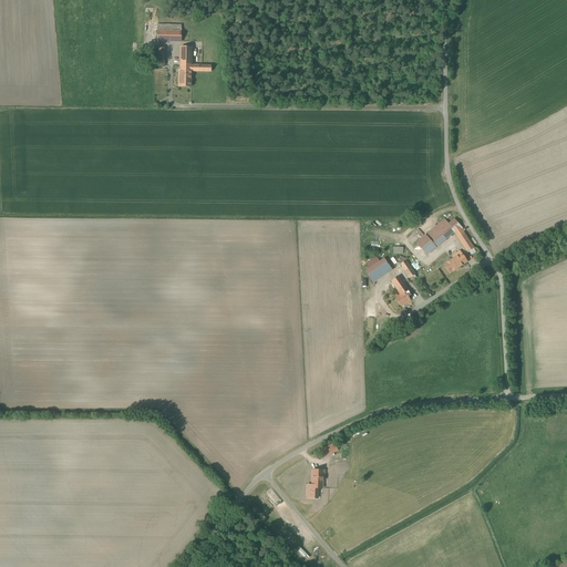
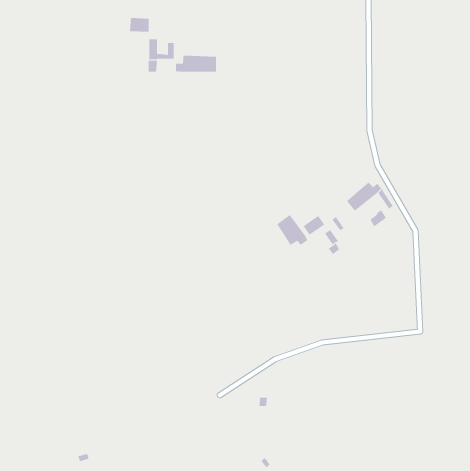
building: none -> [176,55,217,73]
building: none -> [277,214,308,246]

